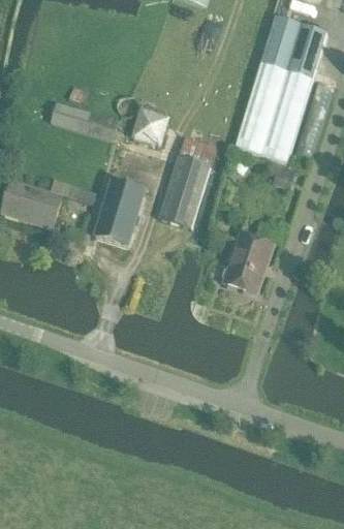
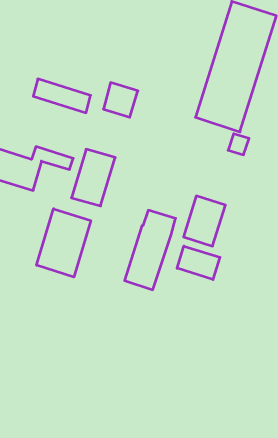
building: [158,136,216,226] -> [125,210,176,290]
building: none -> [37,209,91,277]
building: none -> [177,246,220,280]

